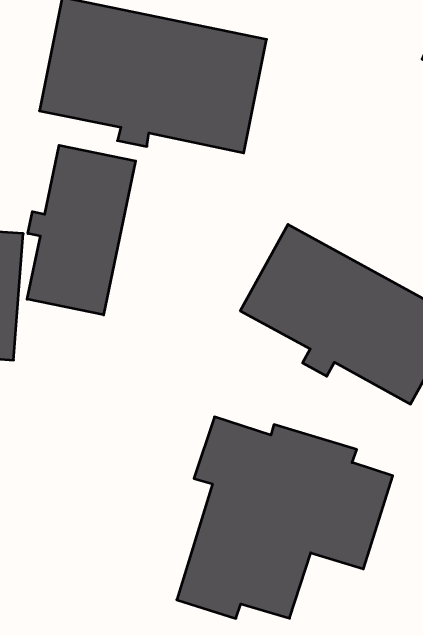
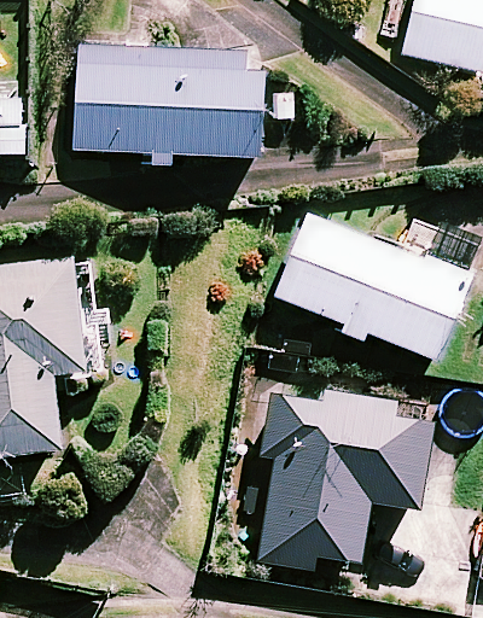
building: [27,145,136,315] -> none

